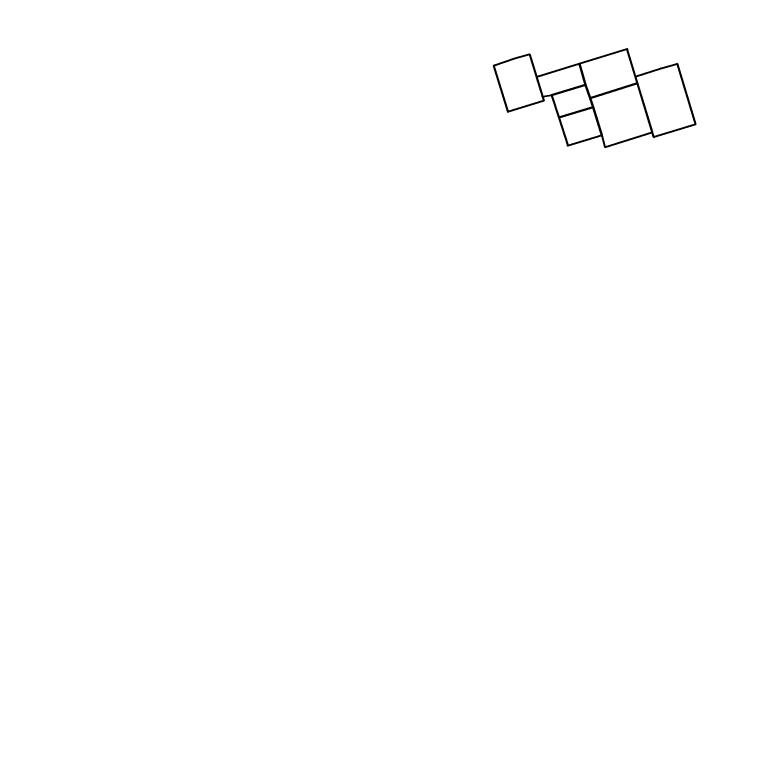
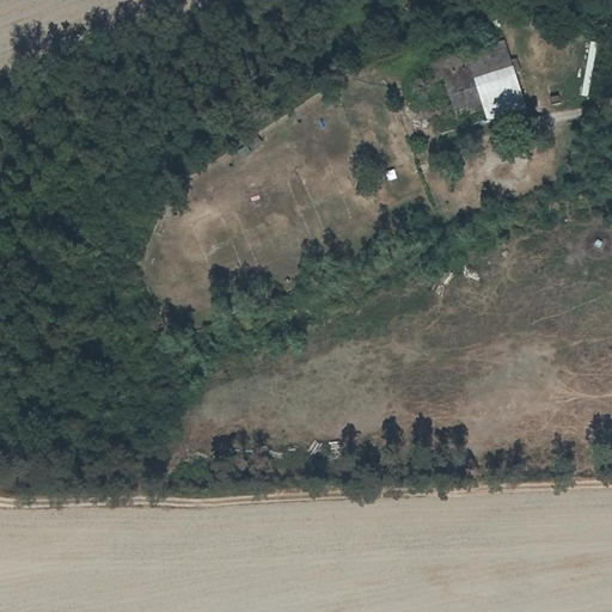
building: [494,54,544,112] -> none
building: [636,64,695,137] -> none

